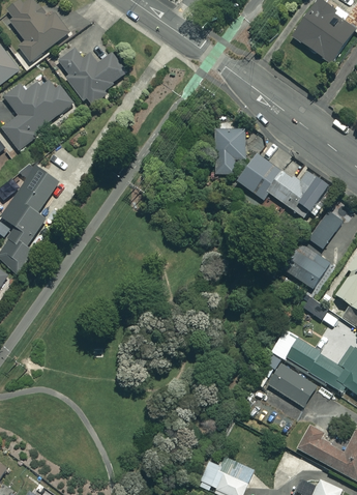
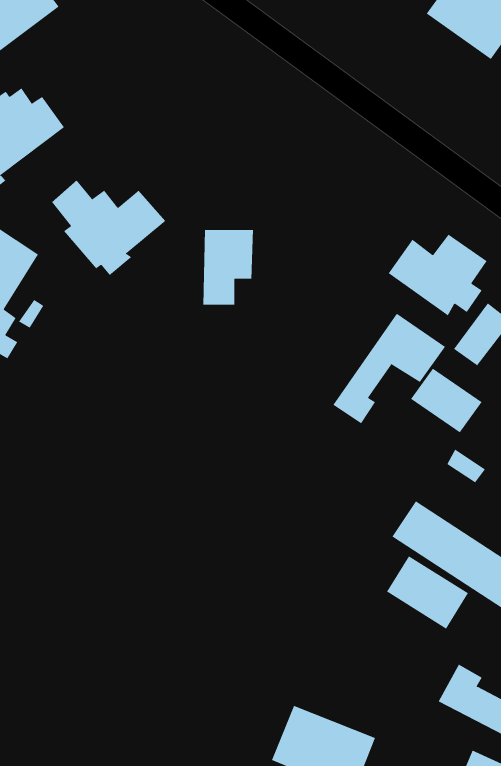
building: [58,47,127,105] -> [51,180,166,276]
building: [214,128,245,174] -> [202,229,254,305]
building: [237,152,282,199] -> none
building: none -> [332,313,446,424]

